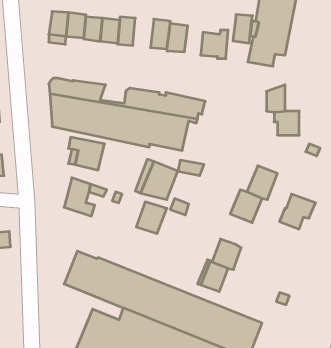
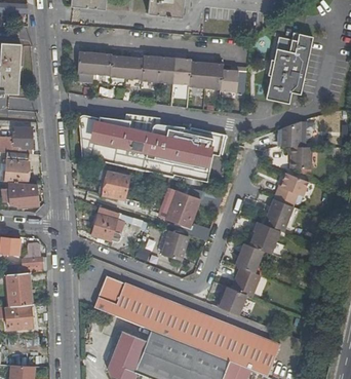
building: [233,15,253,43] -> [206,64,225,90]
building: none -> [158,56,178,84]
building: [279,194,316,229] -> [275,169,309,202]
building: none -> [236,238,263,269]

